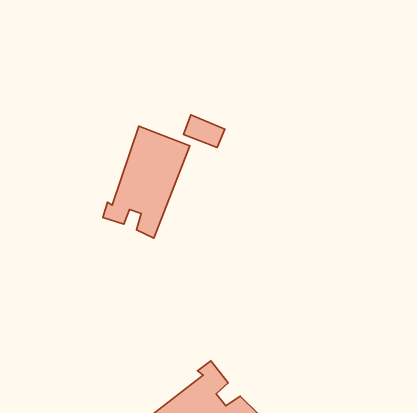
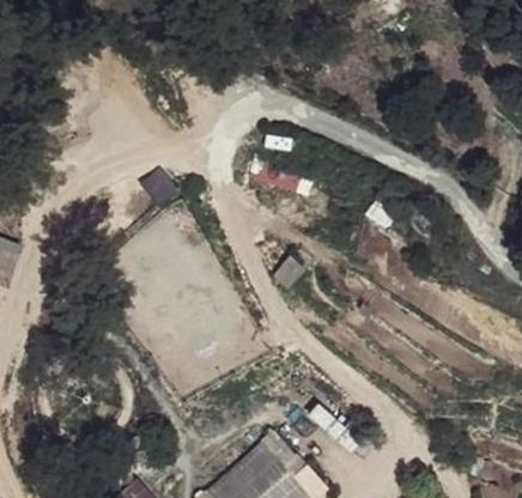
building: [103,126,190,238] -> none

